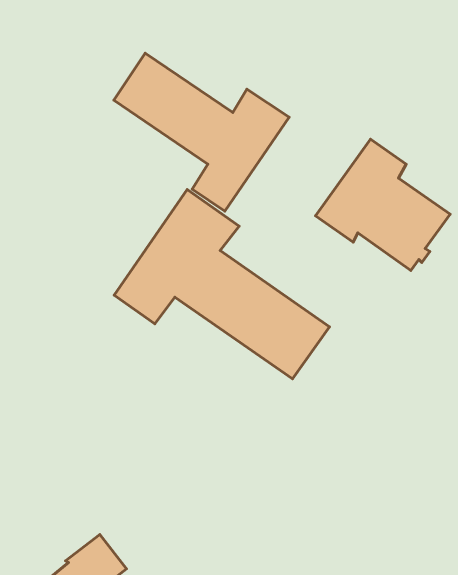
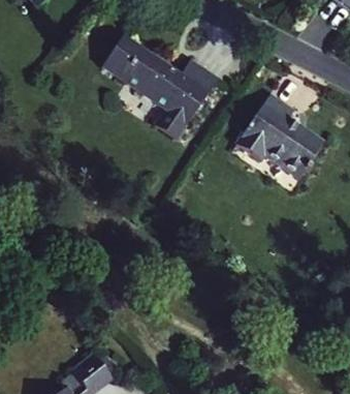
building: [114,189,329,379] -> none

